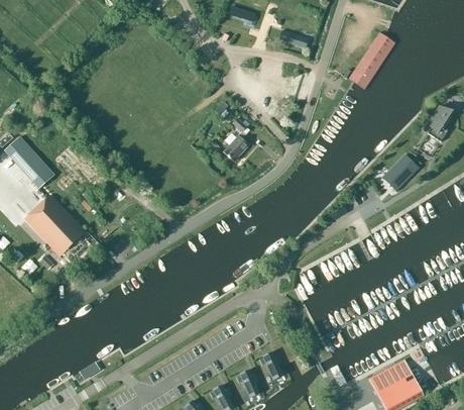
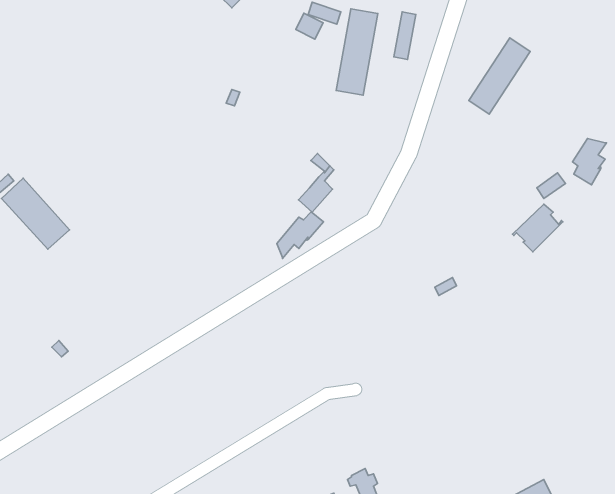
building: none -> [336,9,378,95]
building: none -> [277,212,324,259]
building: [23,195,96,269] -> none

